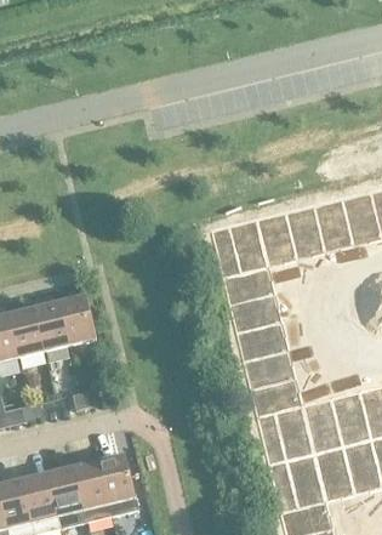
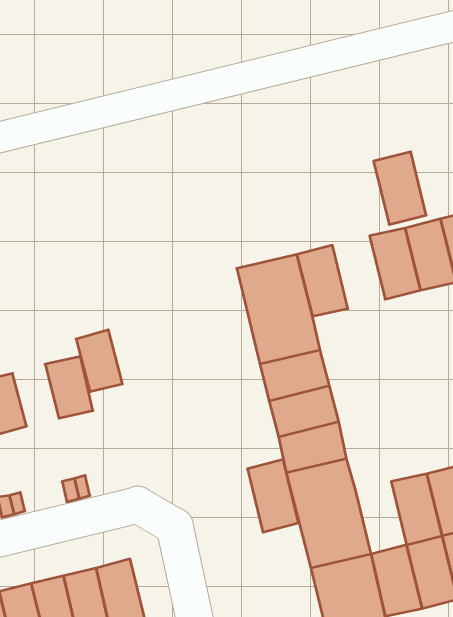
building: [285,201,326,258] -> [374,152,426,224]
building: [34,302,70,351] -> [76,330,122,392]
building: [303,394,343,451] -> [247,460,298,532]

